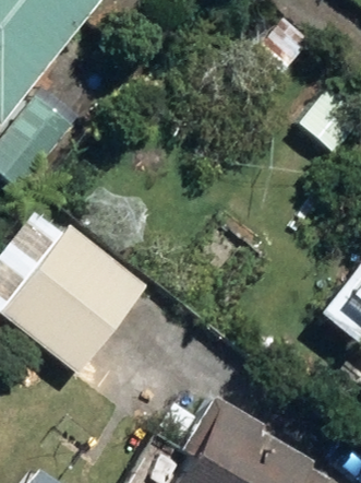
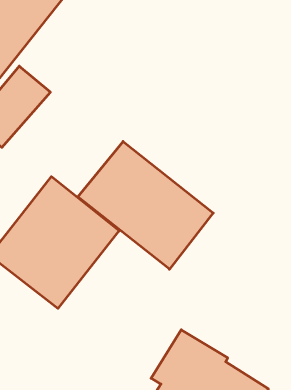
building: none -> [78,141,213,269]

